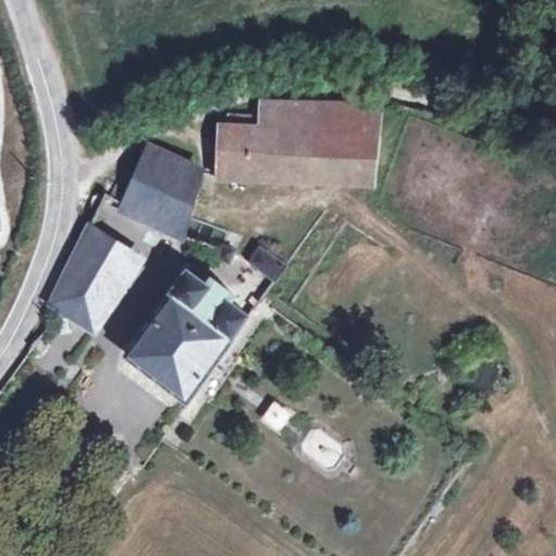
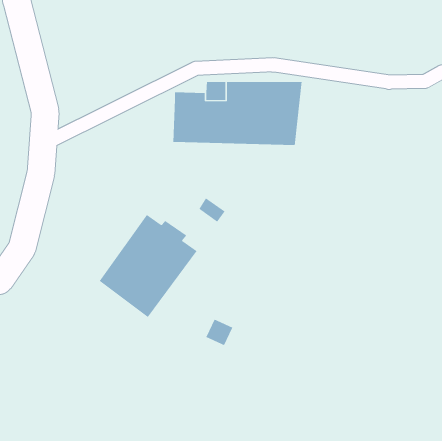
building: [112,150,199,237] -> none
building: [48,229,138,333] -> none

